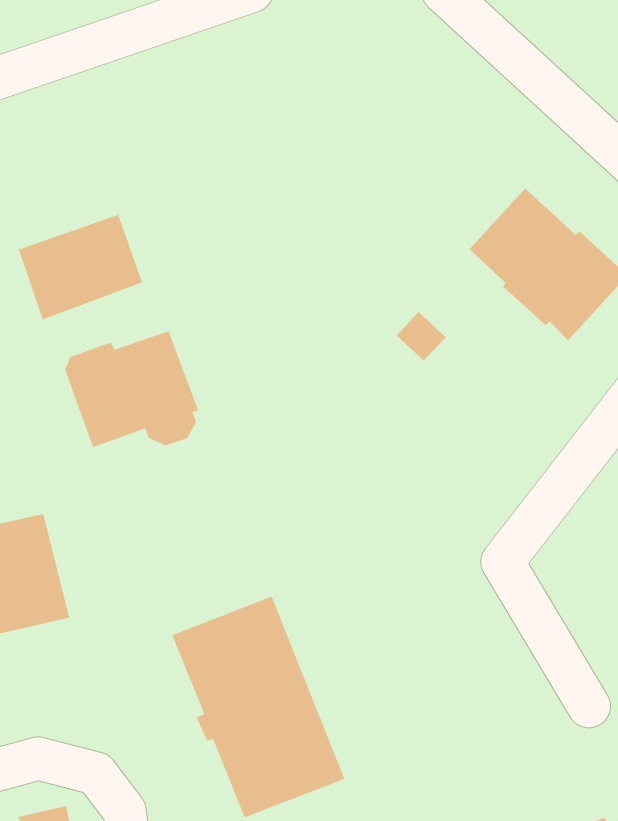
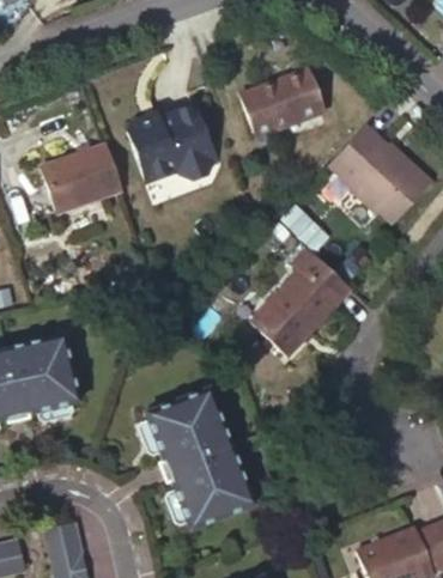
building: none -> [243,71,327,138]
building: [64,330,199,448] -> [128,107,214,182]
building: none -> [253,249,353,359]

